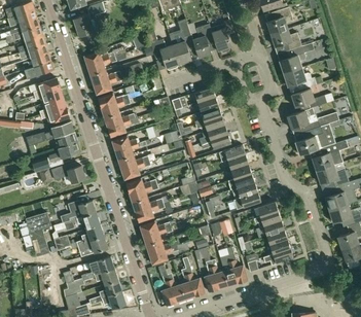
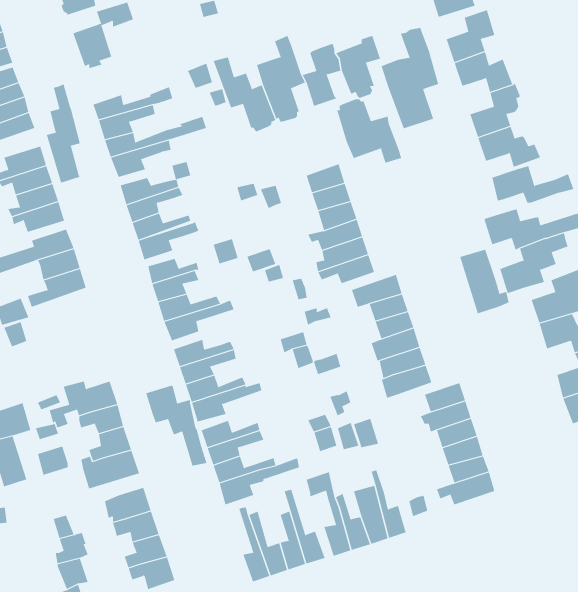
building: none -> [381,27,439,129]
building: none -> [46,84,81,183]
building: none -> [336,98,402,163]
building: none -> [459,249,509,314]
building: [50,166,85,183] -> none
building: none -> [146,385,207,467]

